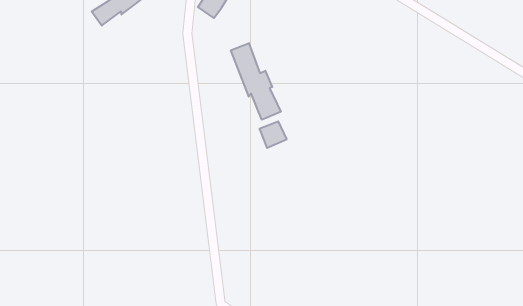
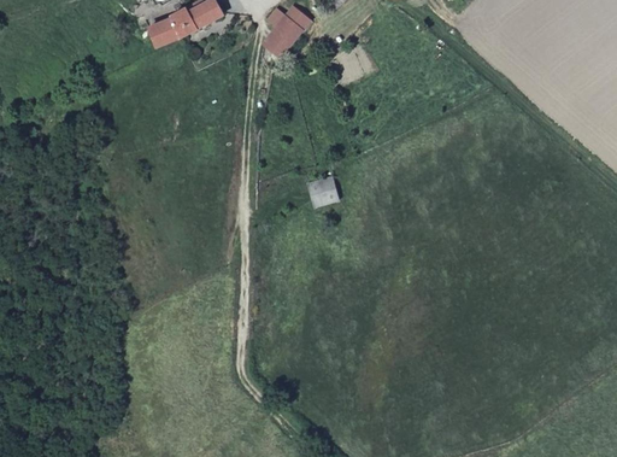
building: [231,43,281,120] -> none

